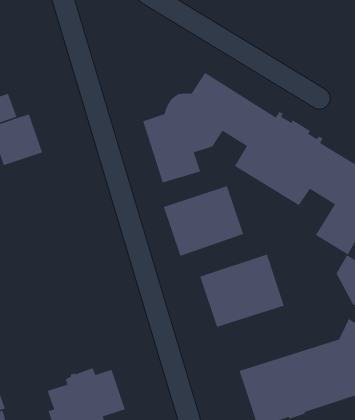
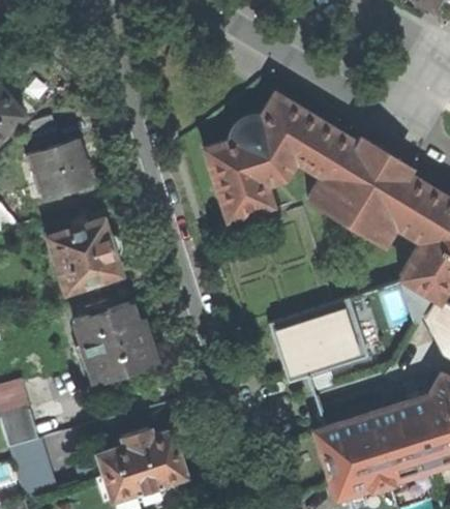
building: none -> [48,219,123,293]
building: [163,185,244,257] -> none
building: none -> [74,302,157,385]

